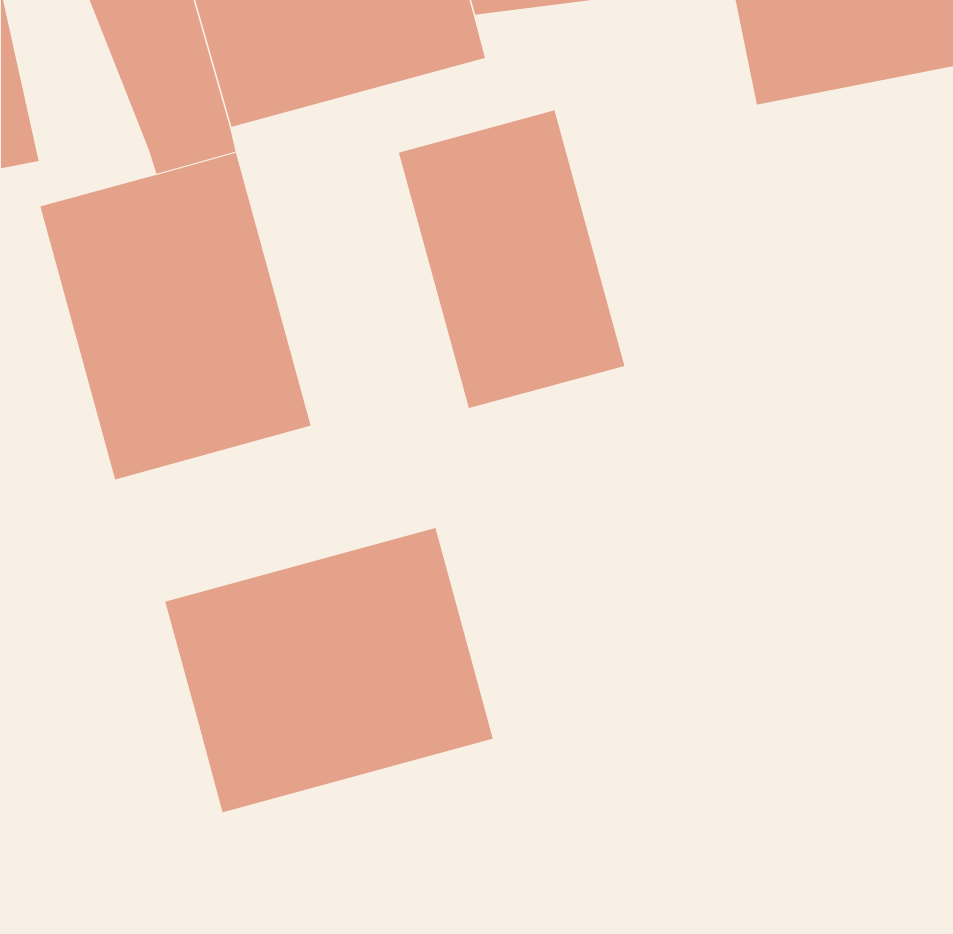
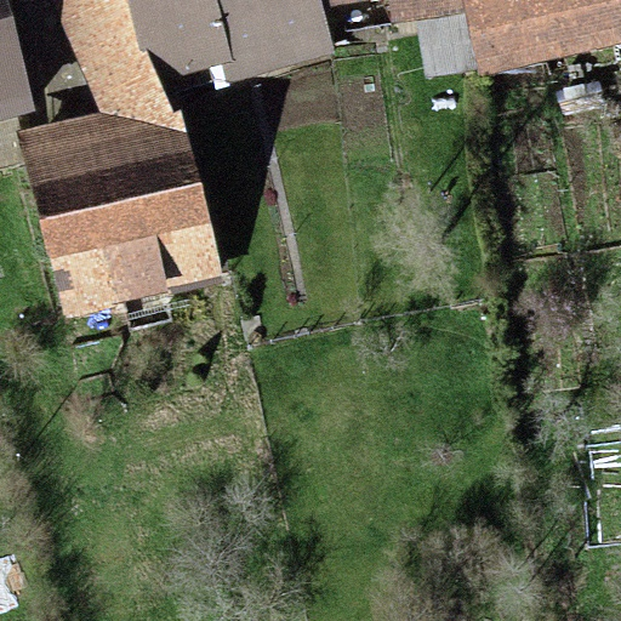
building: [398,110,625,409] -> none
building: [165,527,493,813] -> none

